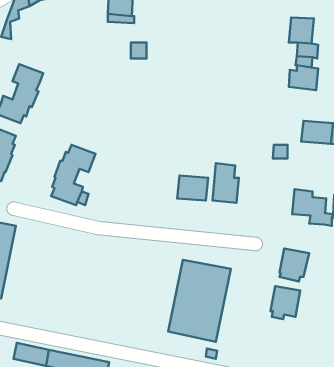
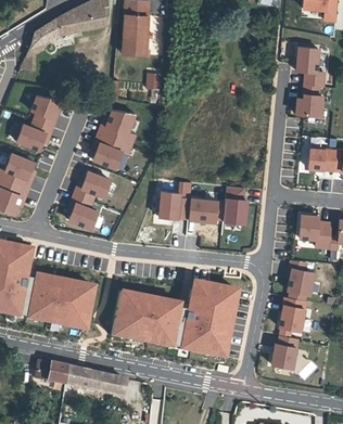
building: none -> [93,108,137,167]
building: none -> [160,183,190,221]
building: none -> [28,273,97,330]
building: none -> [114,290,185,347]
building: none -> [271,336,298,370]

